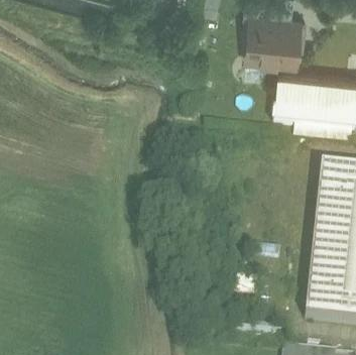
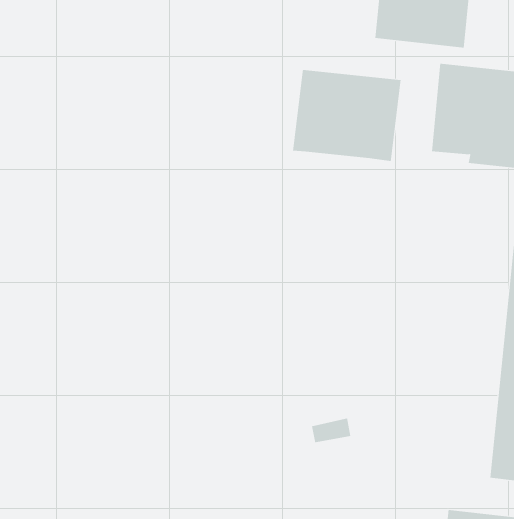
building: none -> [293,69,401,162]

